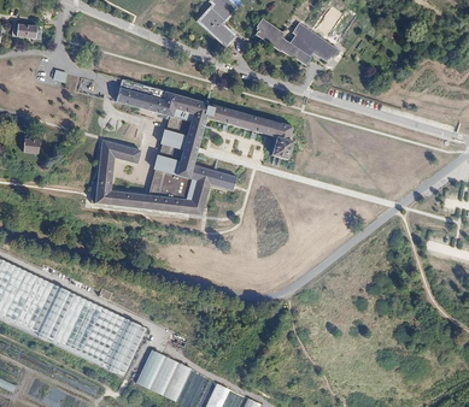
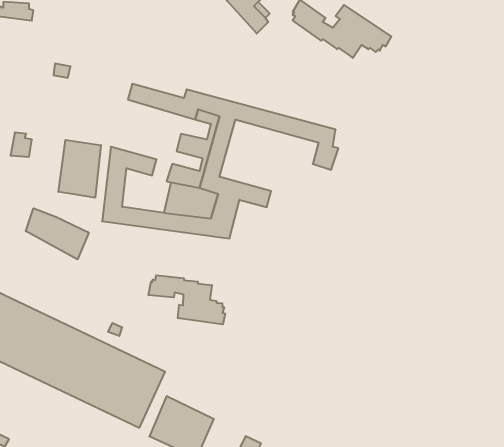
building: none -> [58,140,101,198]
building: none -> [26,208,89,259]
building: none -> [149,275,225,324]

